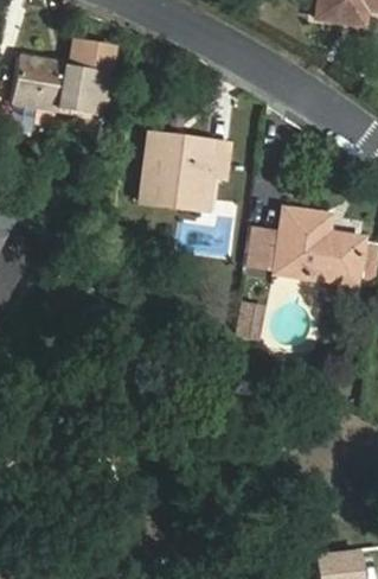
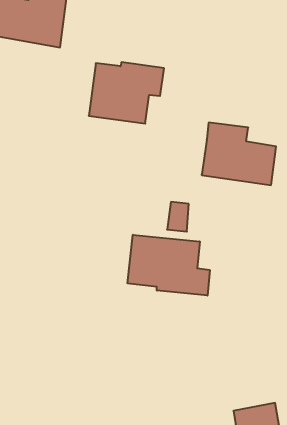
building: [246,225,281,271] -> none
building: none -> [128,235,210,296]

